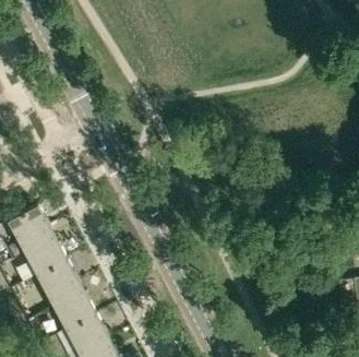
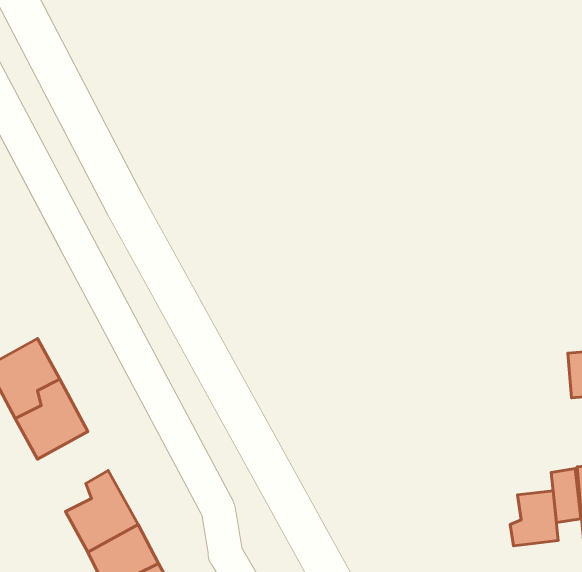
building: [36,259,77,306] -> none
building: none -> [510,491,558,546]

